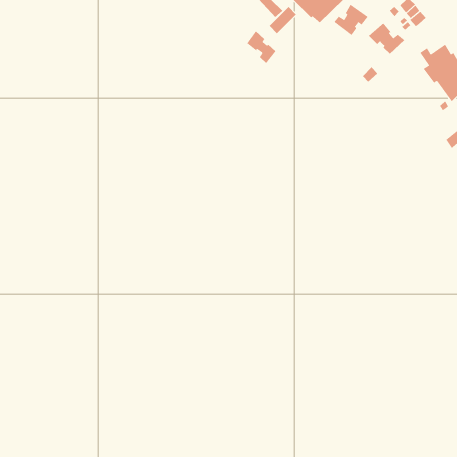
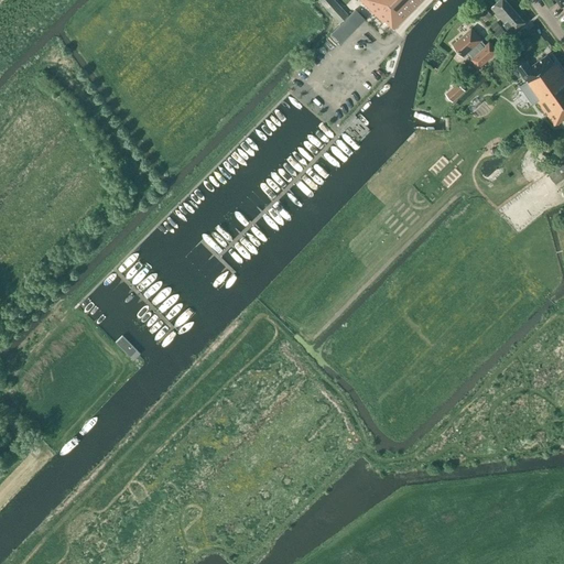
building: [333,4,368,36] -> none
building: [247,31,276,64] -> none

